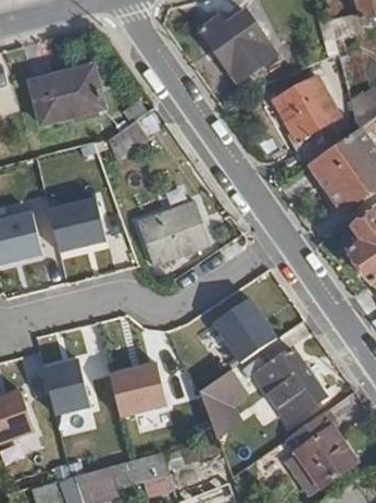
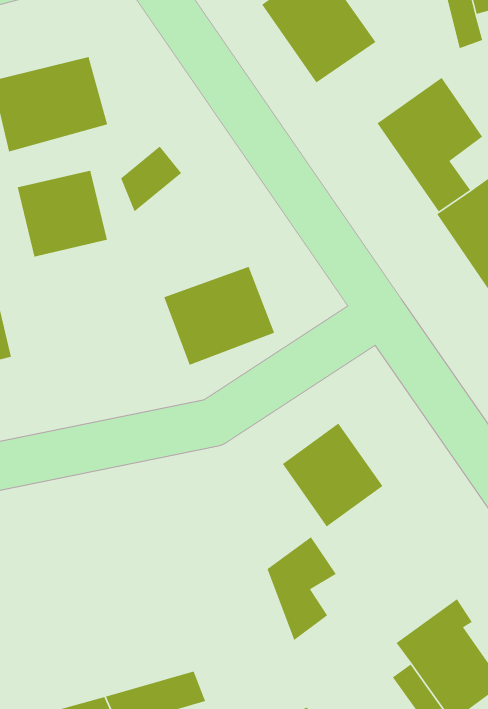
building: [49,196,106,252] -> [17,170,108,258]
building: [256,348,322,418] -> none
building: [43,357,89,414] -> none
building: [110,360,167,417] -> none

